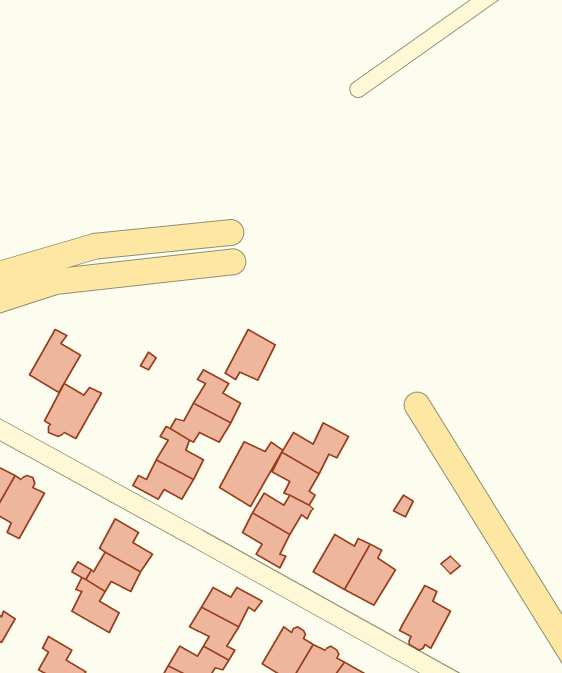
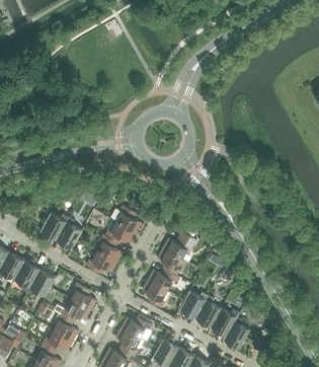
building: [225,330,275,380] -> none
building: [30,330,81,392] -> [56,218,82,250]
building: [220,442,283,506] -> none
building: none -> [26,270,55,298]
building: none -> [210,309,239,337]
building: none -> [42,331,73,352]

